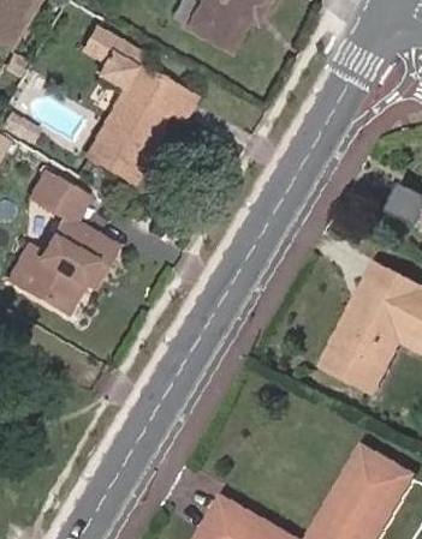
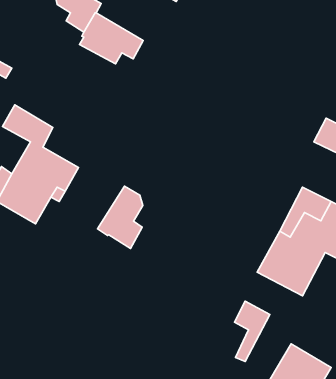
building: [85,100,157,179] -> none
building: none -> [98,186,143,248]
building: none -> [234,301,270,362]

